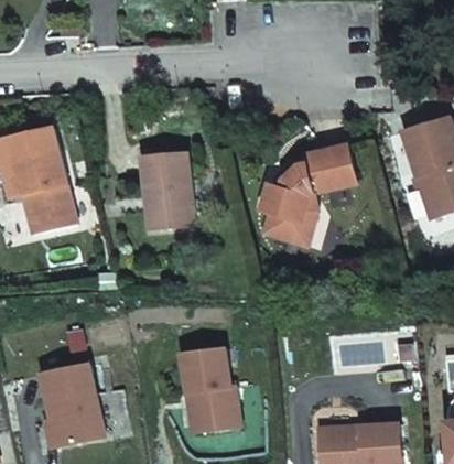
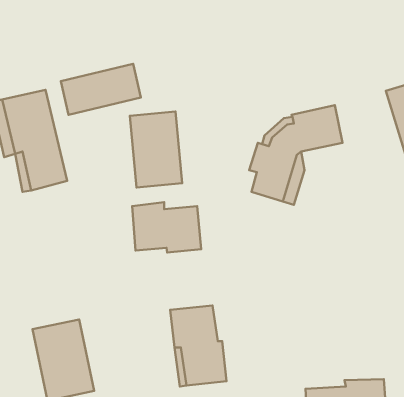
building: none -> [61,64,141,115]
building: none -> [132,202,201,252]

